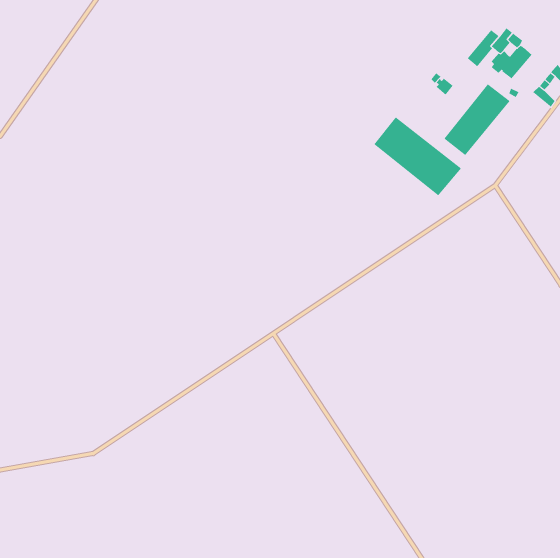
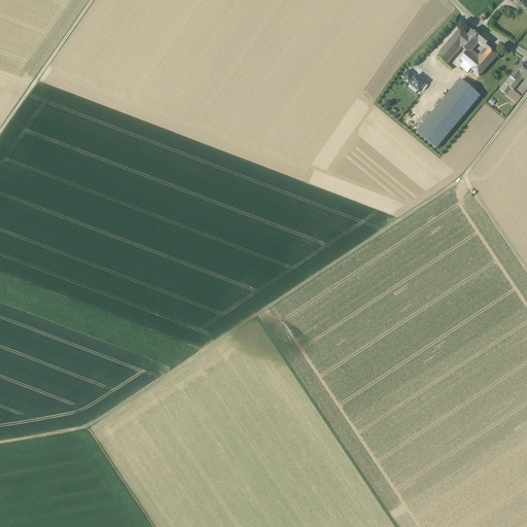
building: [373,117,462,196] -> none

